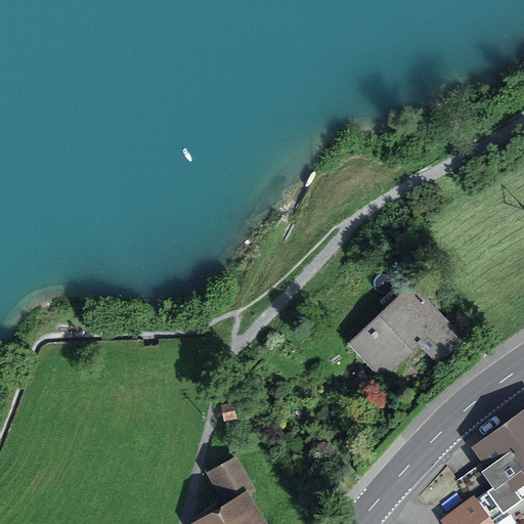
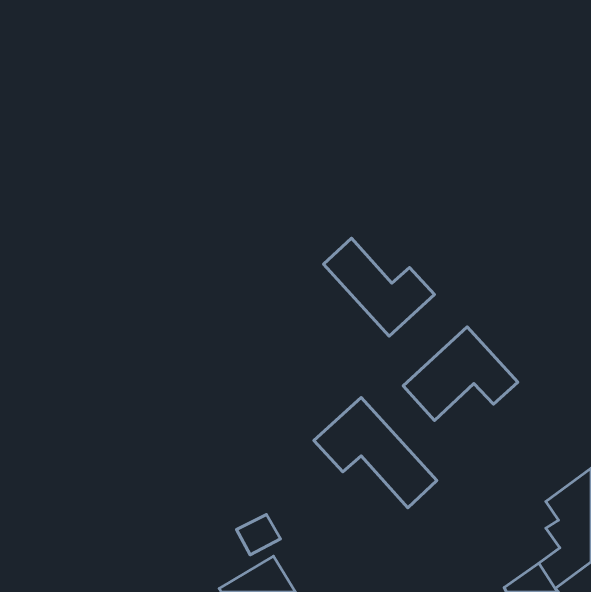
building: none -> [324,238,434,336]
building: none -> [314,397,437,508]

